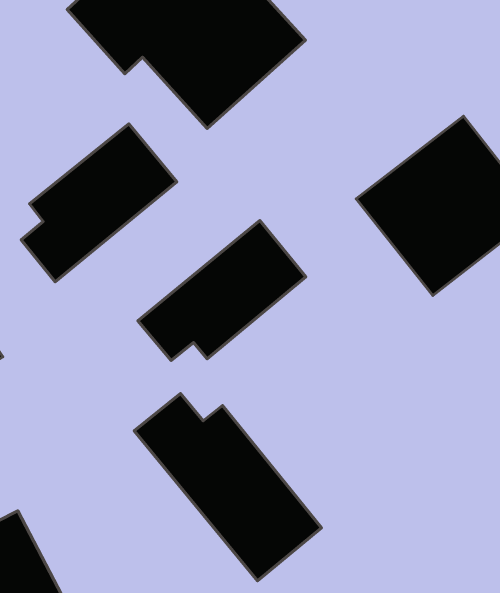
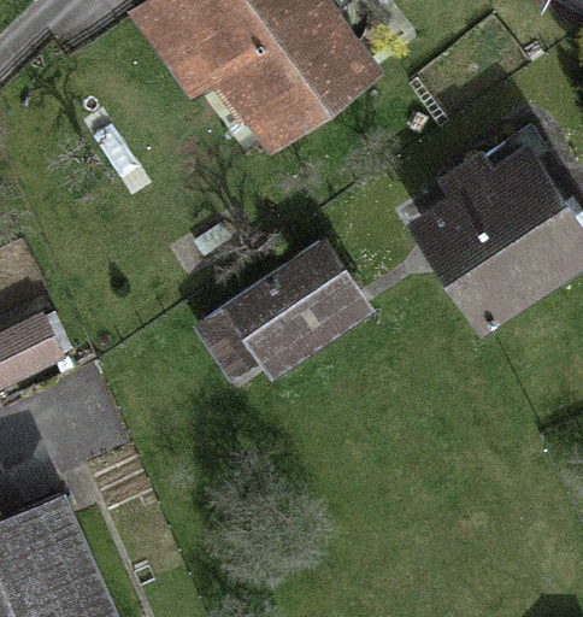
building: [21,124,177,282] -> none
building: [134,394,322,581] -> none

